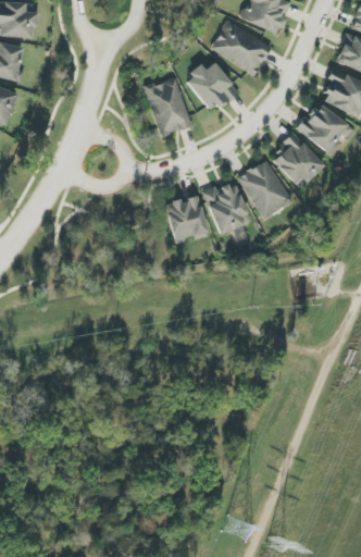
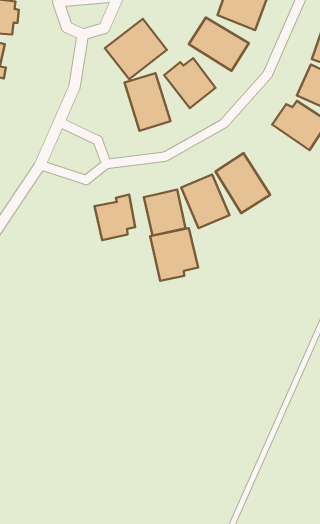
building: none -> [105,19,167,79]
building: [271,133,324,188] -> none
building: none -> [94,195,135,240]
building: none -> [150,228,198,281]

